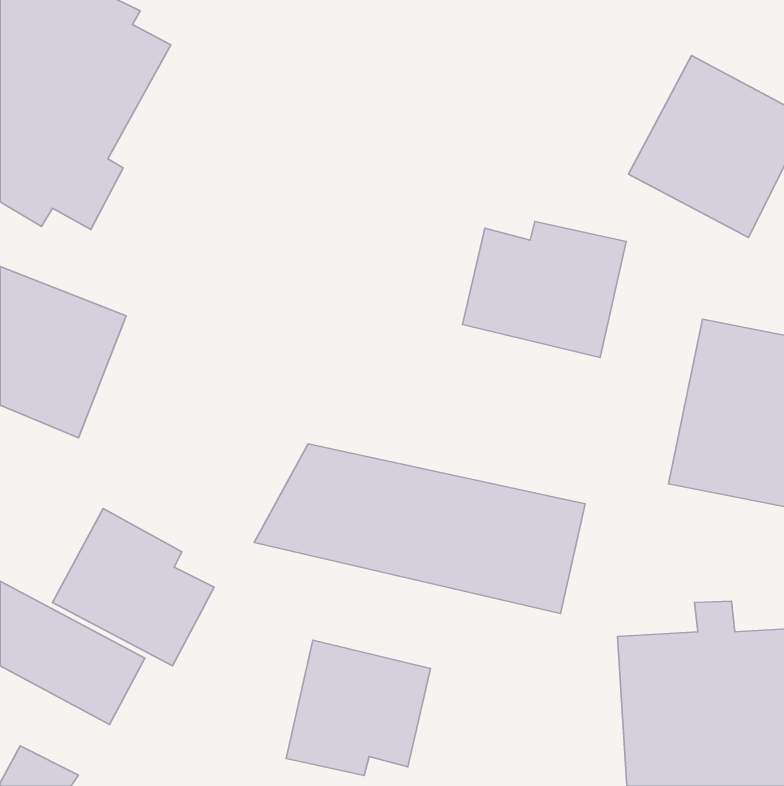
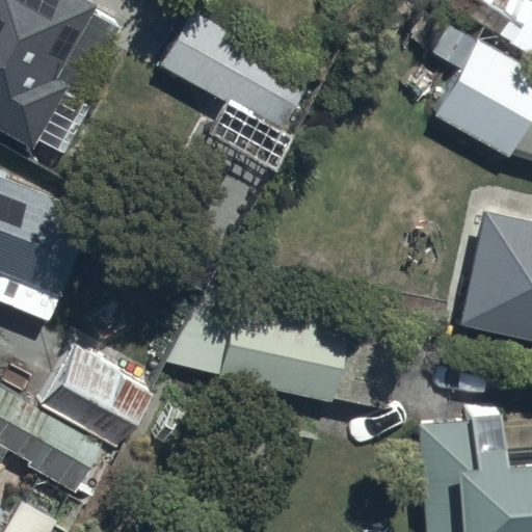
building: none -> [159,11,316,172]
building: [462,221,626,358] -> none
building: [286,640,431,776] -> none

